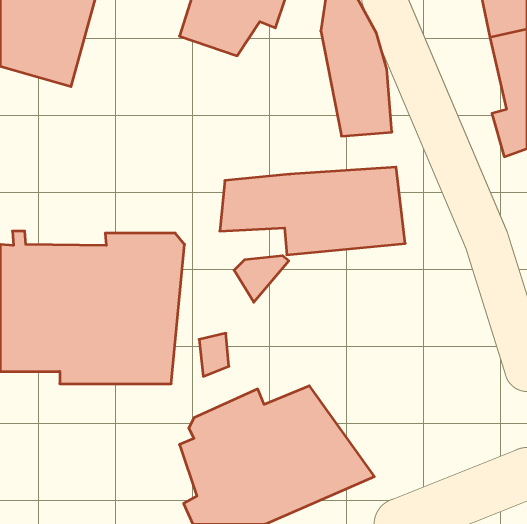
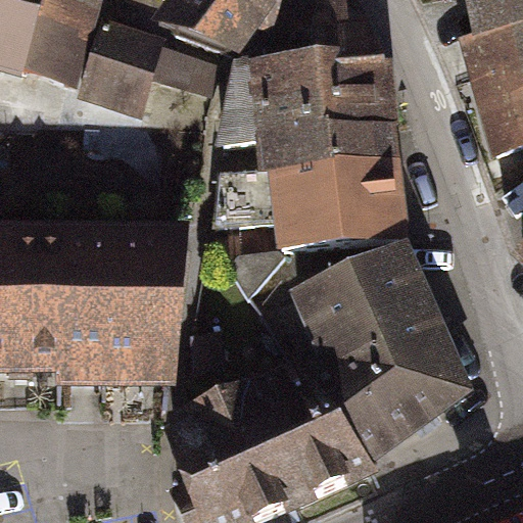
building: none -> [85,26,224,112]
building: none -> [227,27,392,173]
building: none -> [301,252,465,472]

